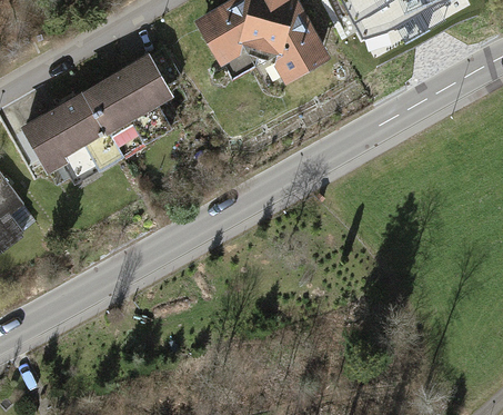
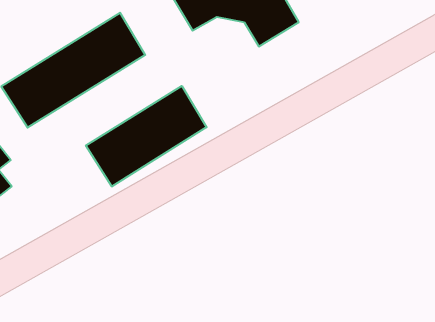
building: none -> [86,86,207,187]

